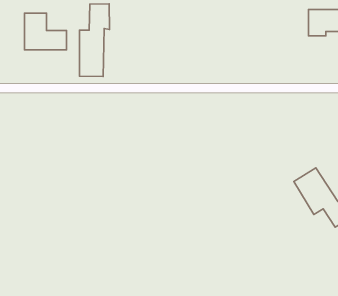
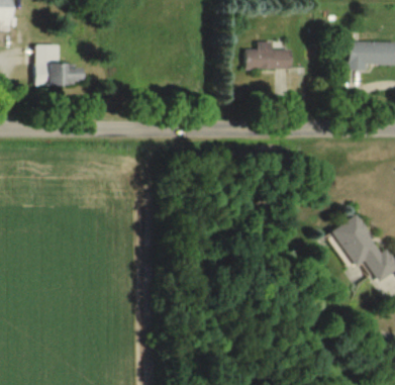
building: [79,4,109,76] -> none
building: none -> [246,41,292,69]

